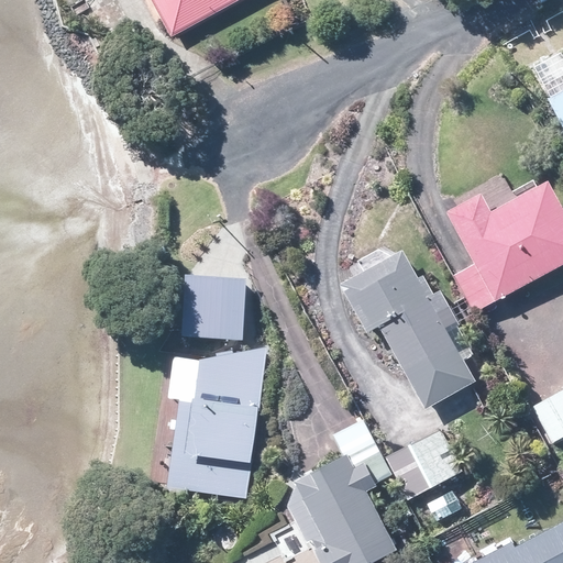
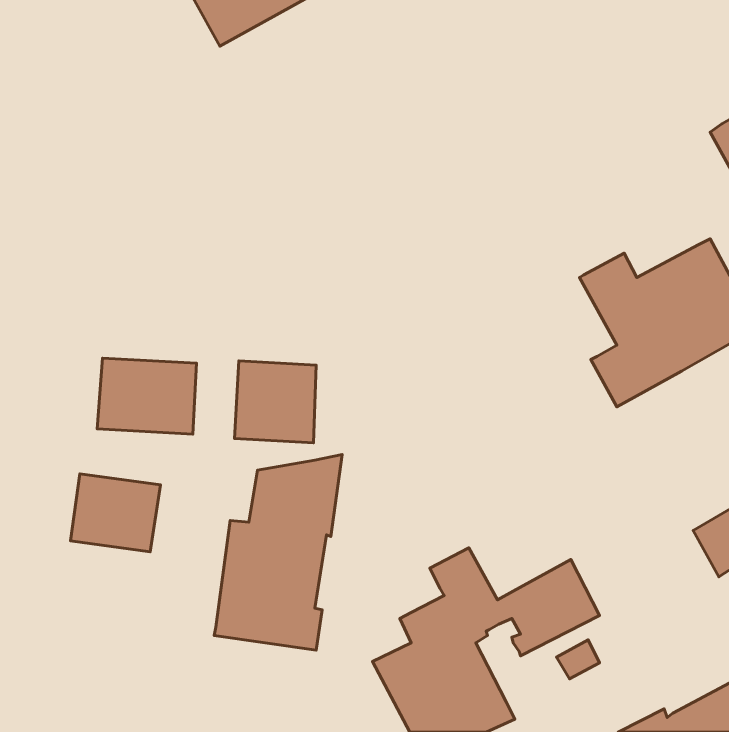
building: [339,246,468,408] -> none
building: none -> [97,358,197,434]
building: none -> [71,474,161,552]

